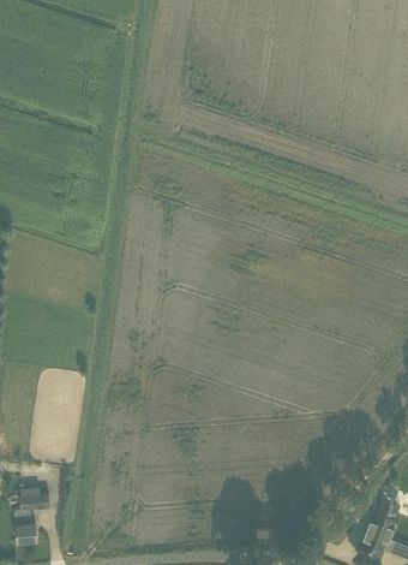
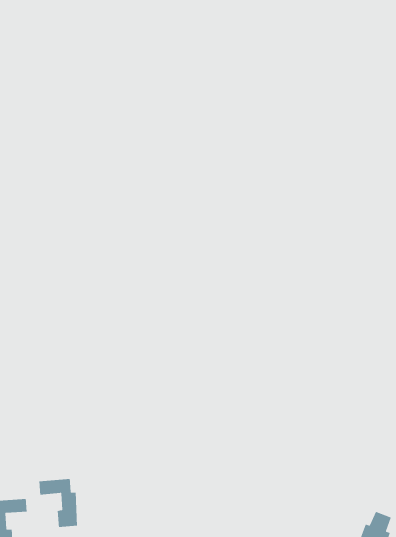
building: none -> [39,478,78,528]

